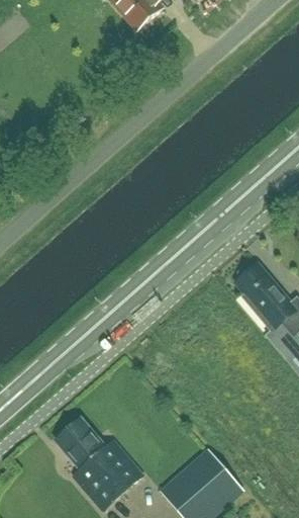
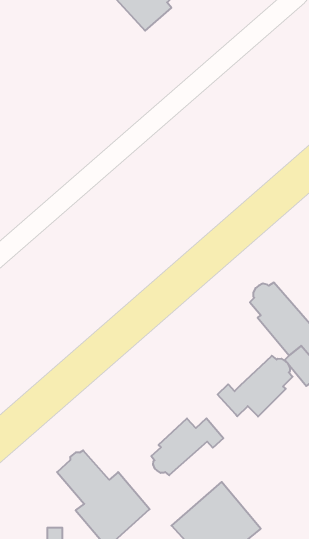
building: none -> [218,356,293,417]
building: none -> [151,418,223,475]

